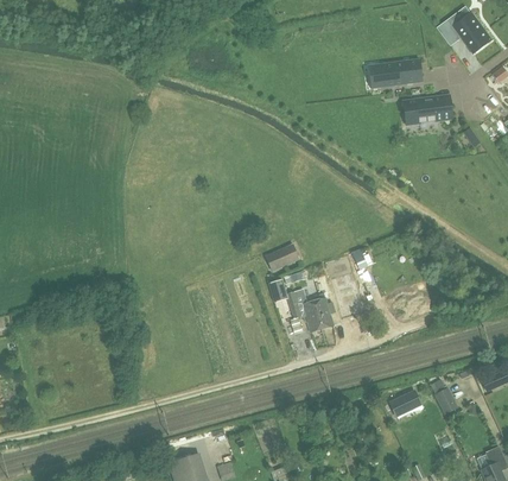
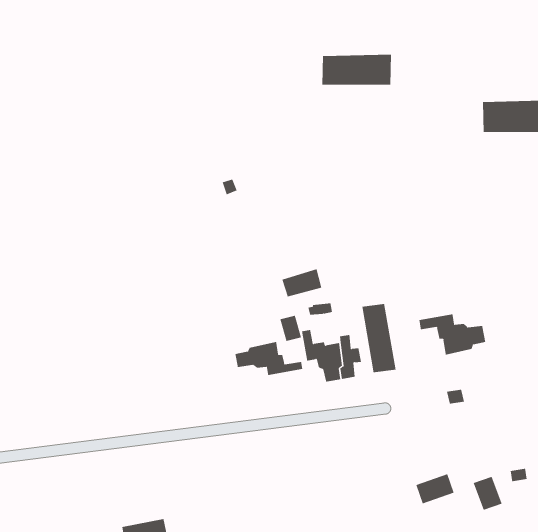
building: [367,55,423,86] -> [322,54,392,85]
building: none -> [419,314,486,355]
building: none -> [235,341,303,376]

